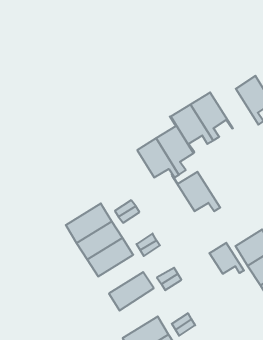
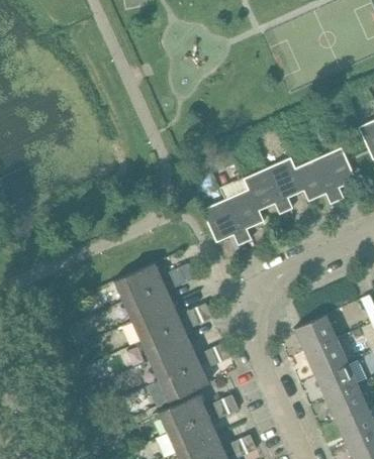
building: [172,172,220,211] -> [290,157,338,204]
building: [209,243,244,274] -> none
building: none -> [141,323,190,361]
building: none -> [159,362,208,401]

